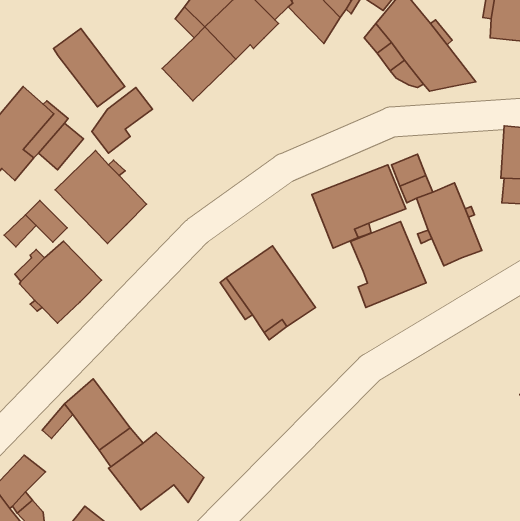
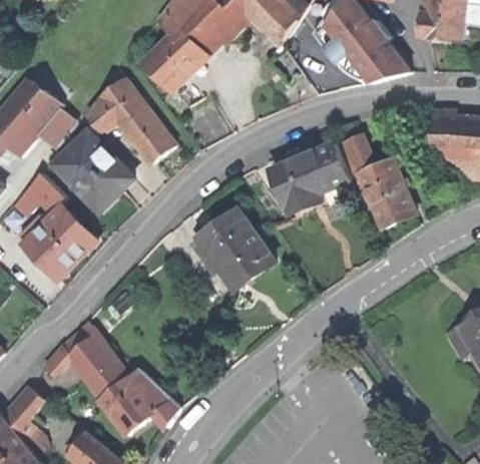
building: [54,28,125,107] -> [114,96,174,162]
building: [351,222,426,307] -> none

